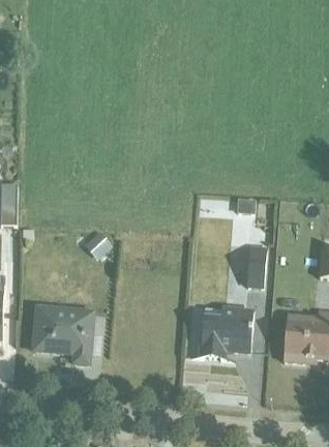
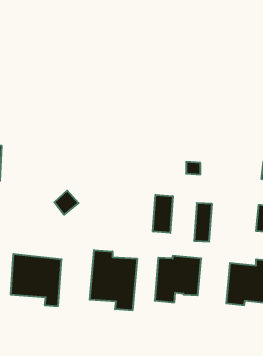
building: none -> [153,195,173,233]
building: none -> [90,250,137,310]

